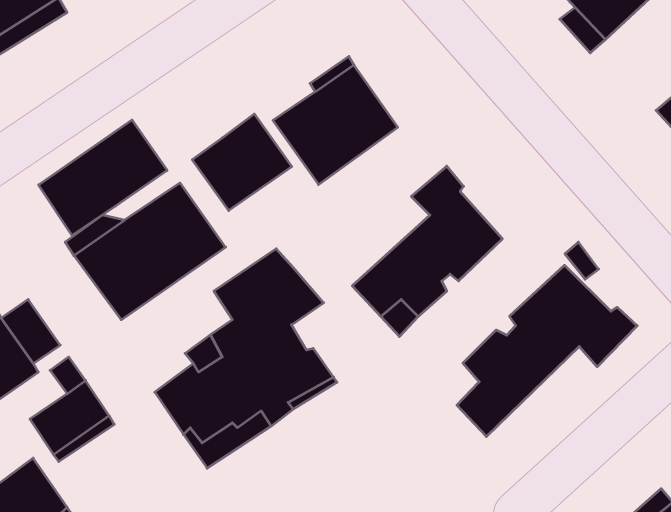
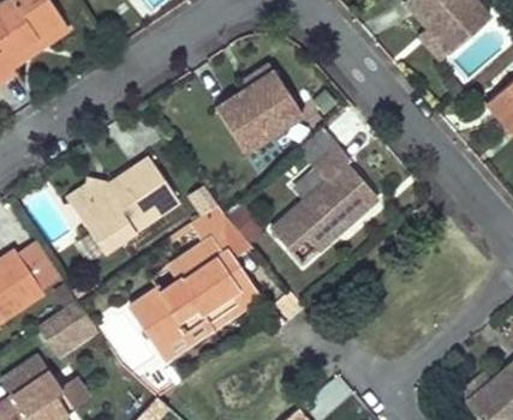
building: [192,114,292,211] -> none
building: [39,120,167,235] -> none
building: [457,265,637,437] -> none

